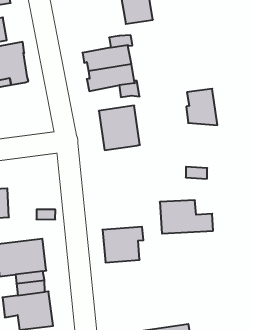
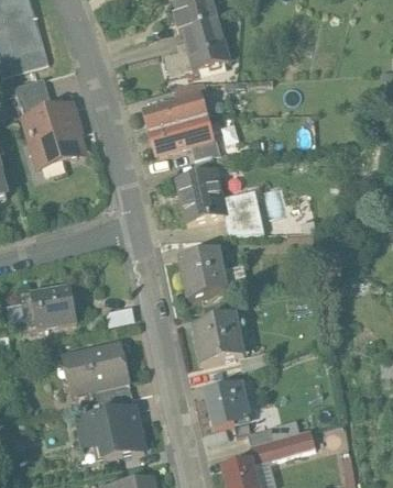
building: [186,89,217,125] -> [222,190,264,235]
building: [160,200,213,234] -> [179,251,249,296]
building: none -> [205,382,247,426]

